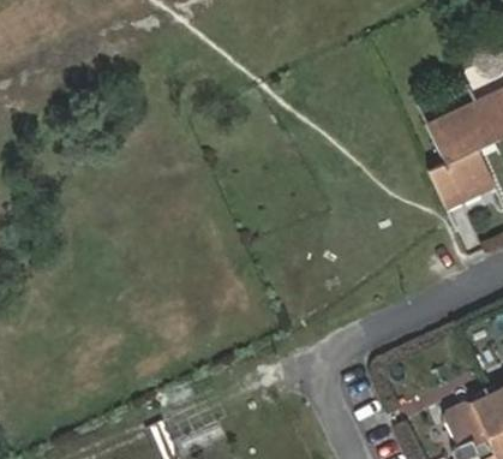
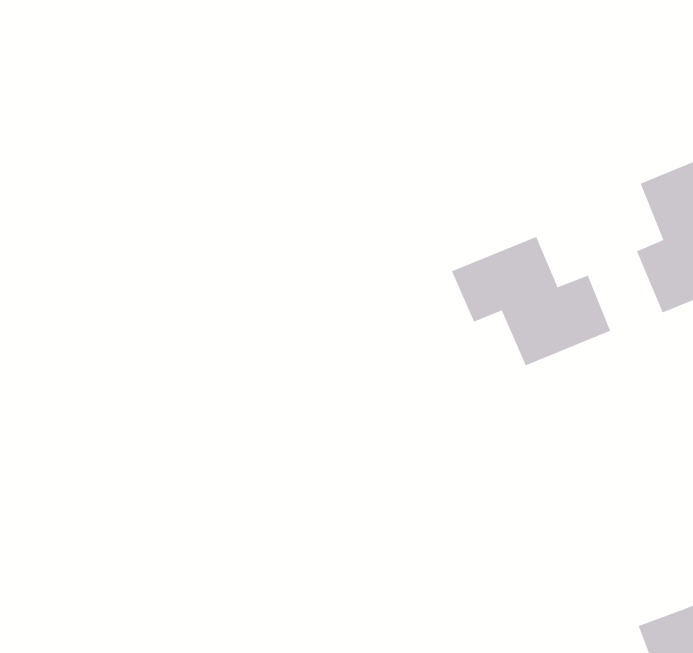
building: none -> [451,236,611,366]

